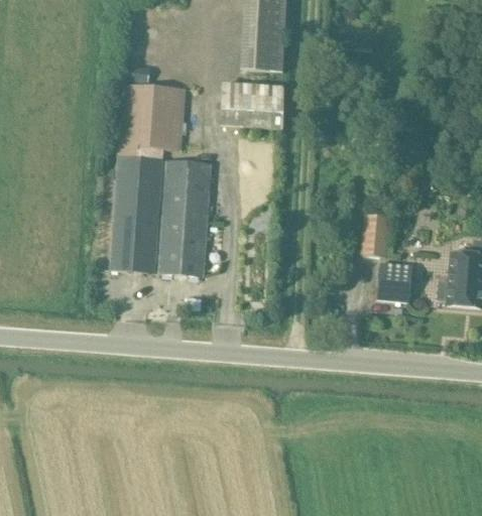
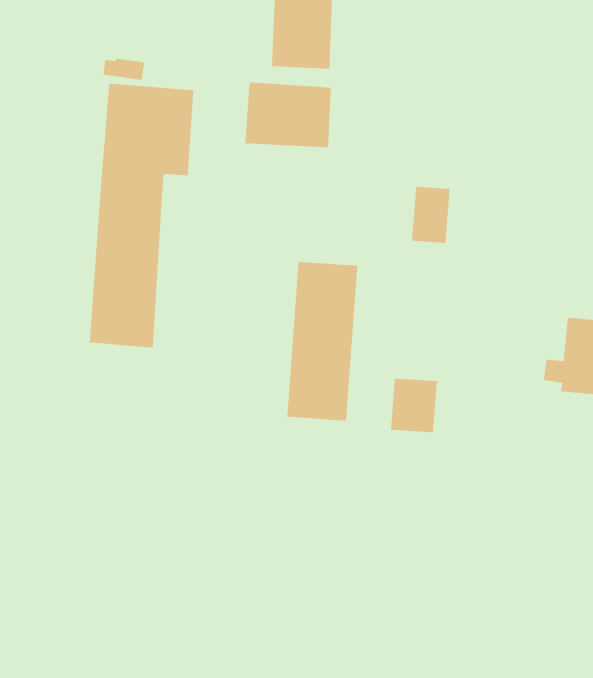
building: [159,160,211,275] -> [287,261,358,421]
building: [362,214,390,255] -> [411,186,450,244]
building: [377,261,411,300] -> [390,378,438,433]

